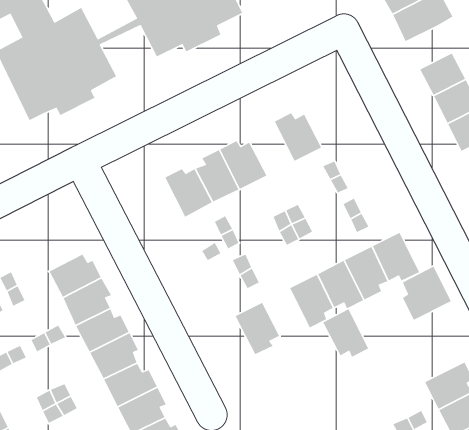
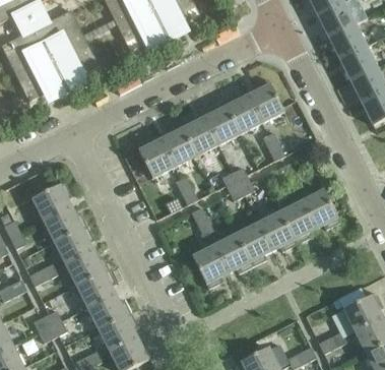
building: none -> [328,24,366,59]
building: none -> [248,78,284,122]
building: none -> [204,101,240,144]
building: none -> [33,182,72,221]
building: [402,265,452,321] -> none
building: [322,308,369,358] -> [214,234,252,273]

